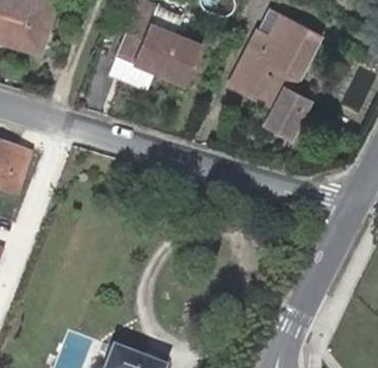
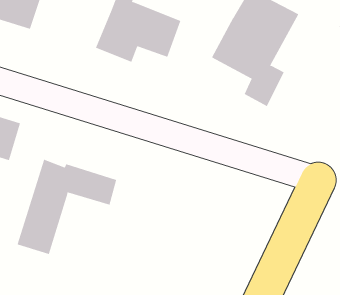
building: none -> [17,159,117,255]

